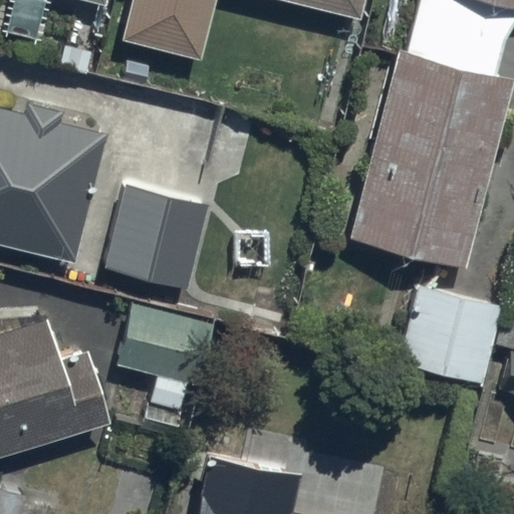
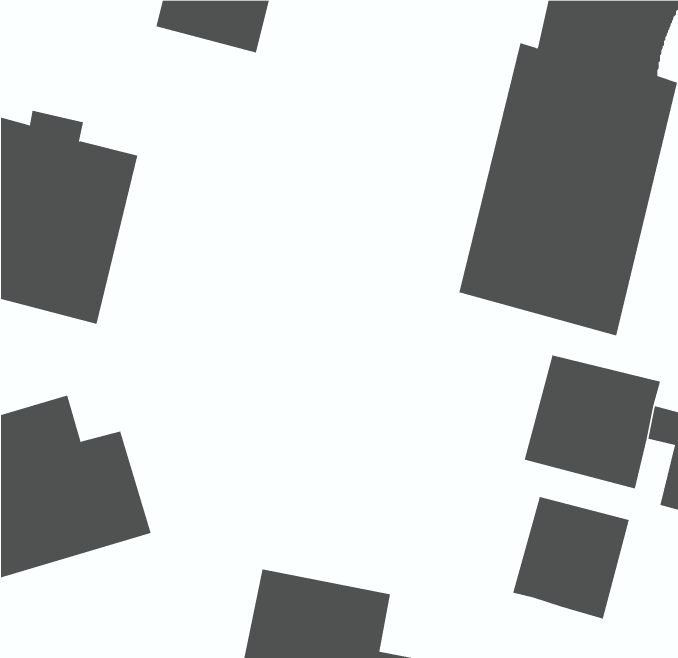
building: [103,184,206,287] -> none
building: [114,304,223,415] -> none
building: none -> [513,496,629,620]

